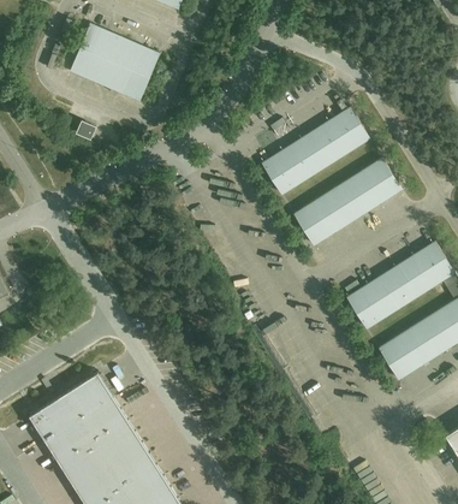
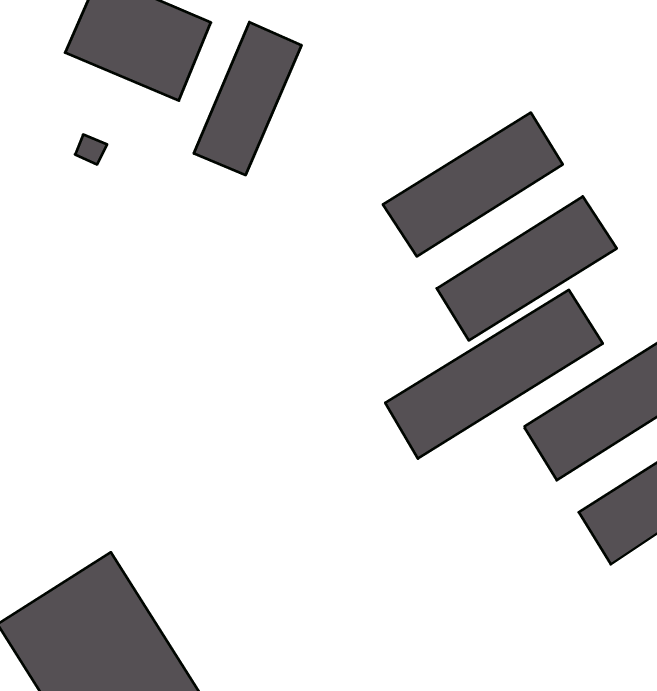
building: none -> [194,22,301,175]
building: none -> [385,290,603,459]

